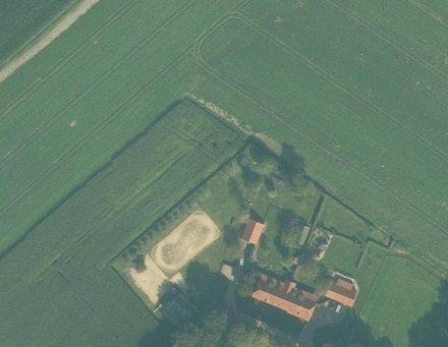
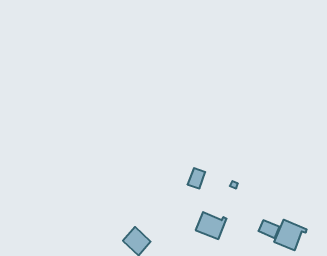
building: [279,282,317,319] -> none
building: none -> [274,220,307,250]

